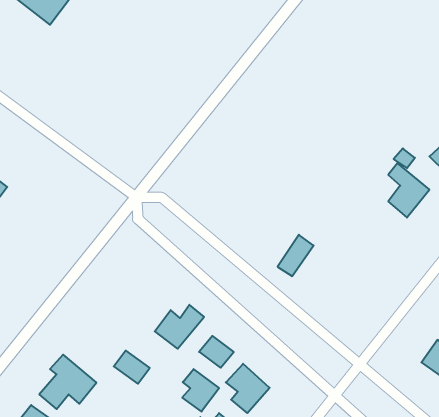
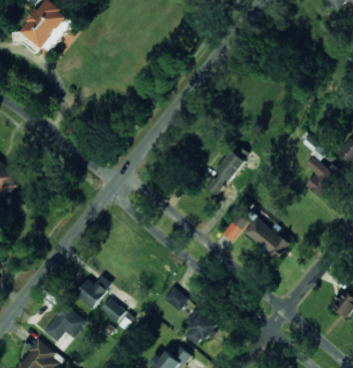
building: none -> [205,150,246,196]
building: none -> [245,217,289,260]
building: [155,305,204,349] -> [75,275,112,308]
building: [182,369,219,412] -> none

